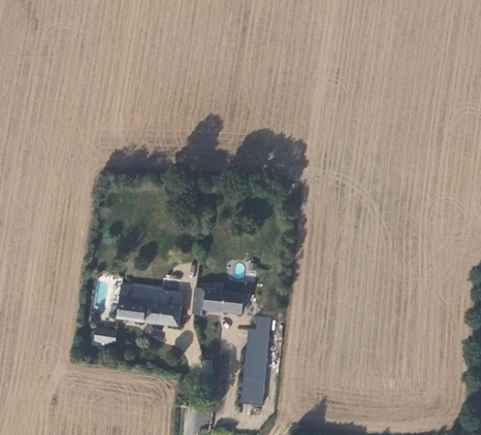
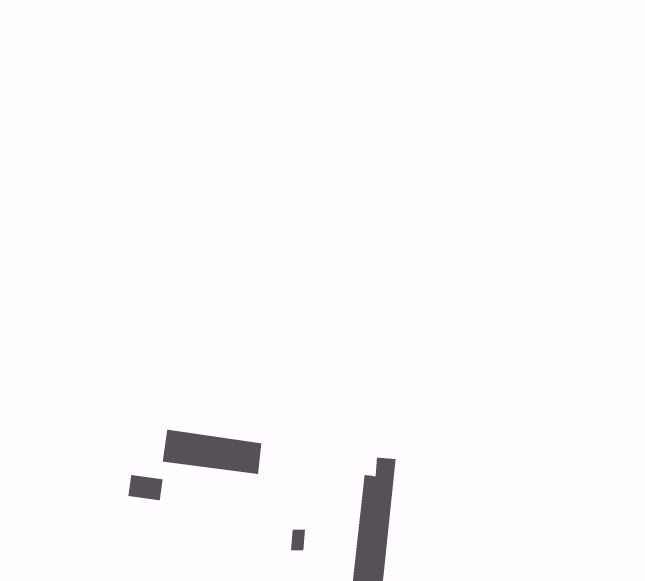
building: [119,283,185,306] -> none
building: [192,287,245,315] -> none

